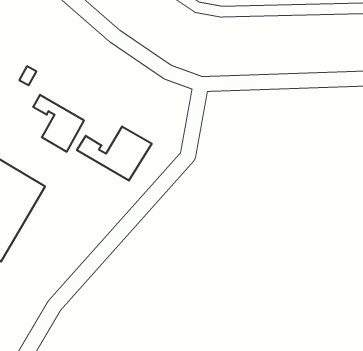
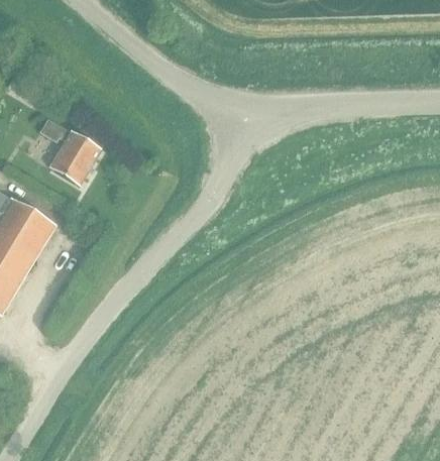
building: [77,126,152,181] -> none

